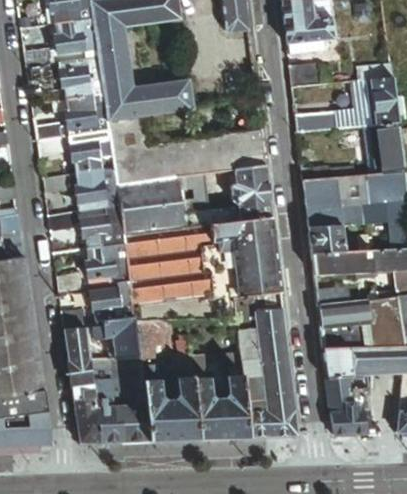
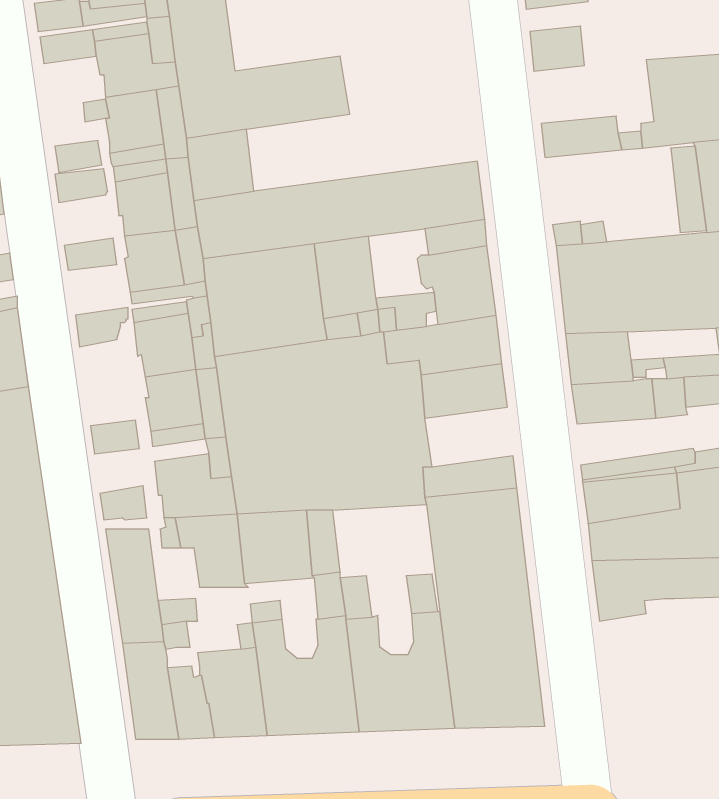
building: [234,265,281,297] -> none
building: [327,375,378,433] -> none

